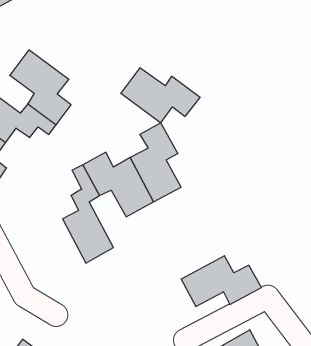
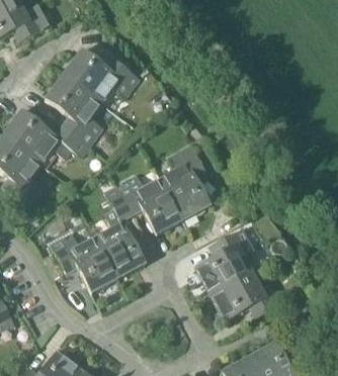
building: [121,68,200,123] -> [63,50,139,102]
building: none -> [194,226,258,293]
building: none -> [50,230,117,292]

